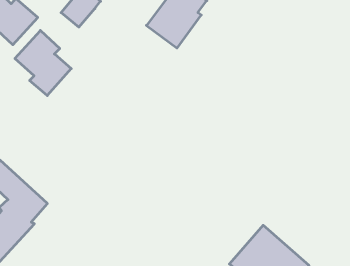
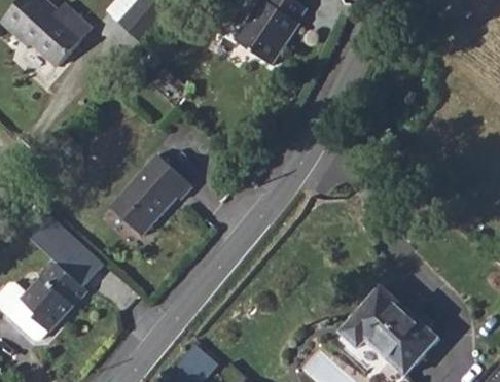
building: [15,30,71,96] -> none
building: none -> [112,155,194,234]

